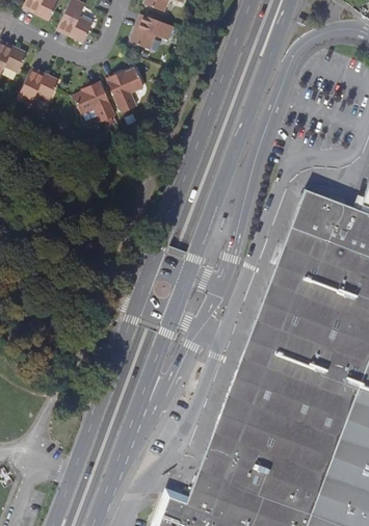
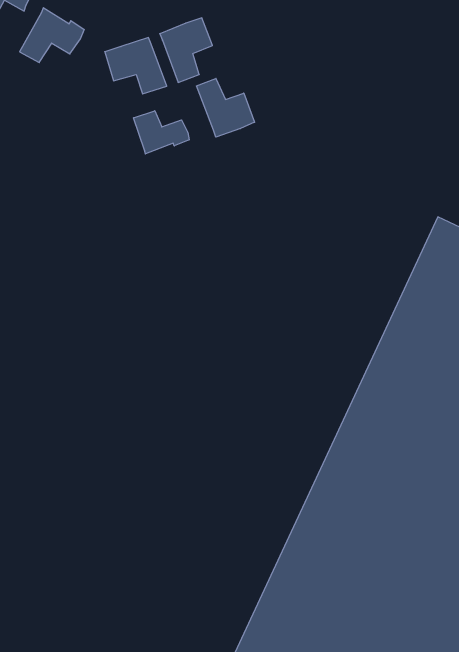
building: none -> [197,78,255,137]
building: none -> [134,111,189,154]

